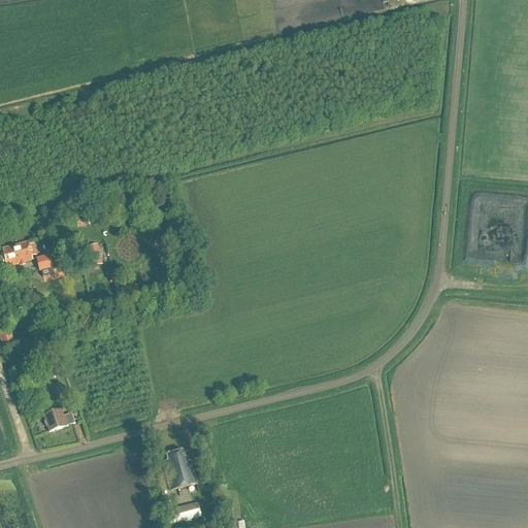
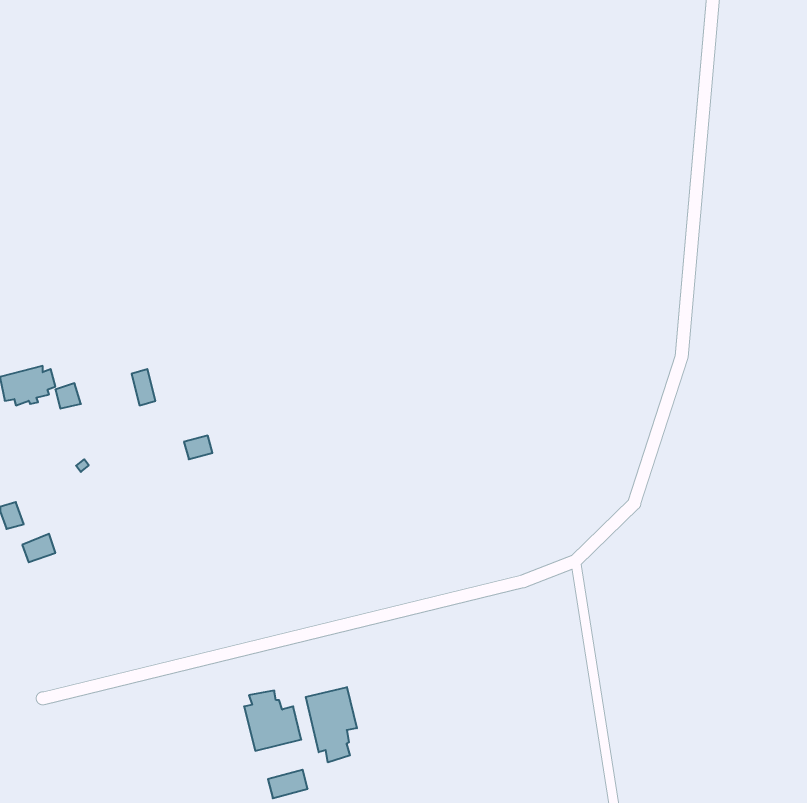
building: [44,407,75,430] -> none
building: none -> [306,687,357,762]

